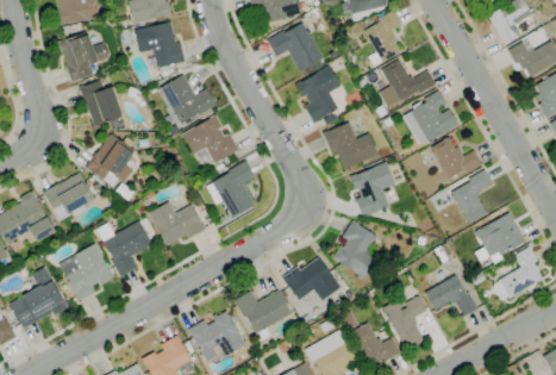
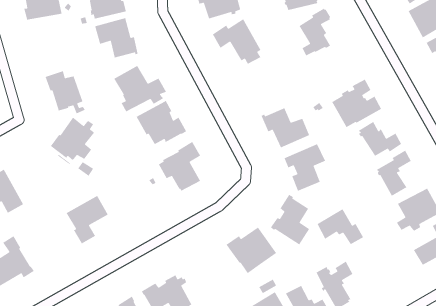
building: [58,32,110,82] -> none
building: [379,60,436,107] -> none
building: [295,65,342,124] -> none
building: [43,173,95,221] -> none
building: [148,202,206,245] -> none
building: [58,244,114,301] -> none
building: [425,275,479,317] -> [317,208,364,245]
building: [235,290,291,342] -> none

